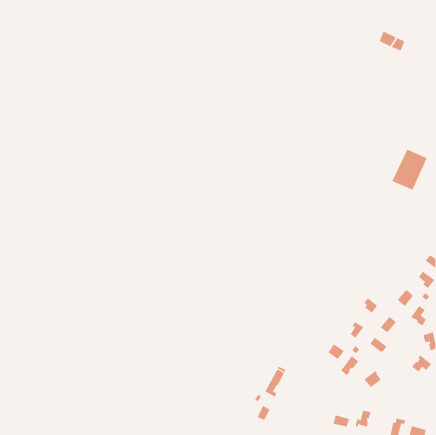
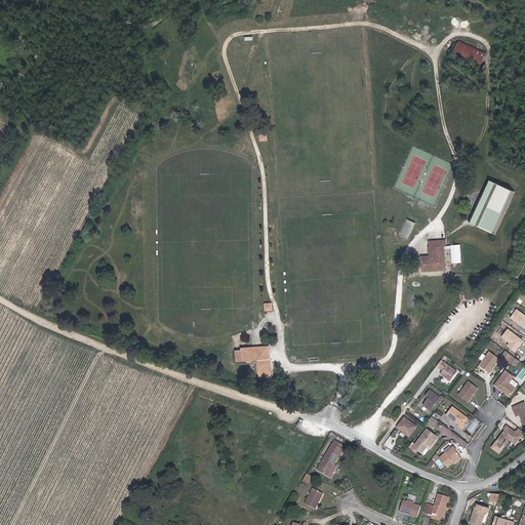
building: none -> [420,247,443,272]
building: none -> [241,349,271,375]

